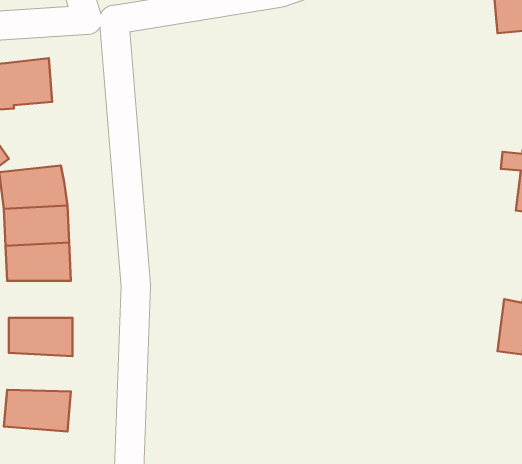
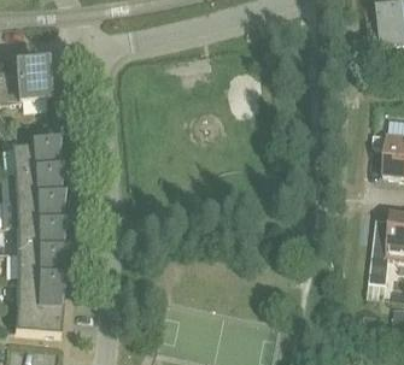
building: none -> [16,223,63,249]
building: none -> [16,275,63,302]

